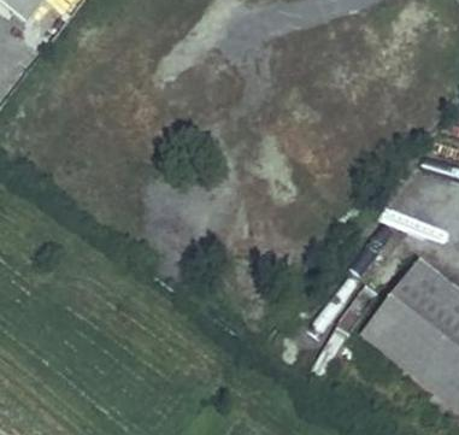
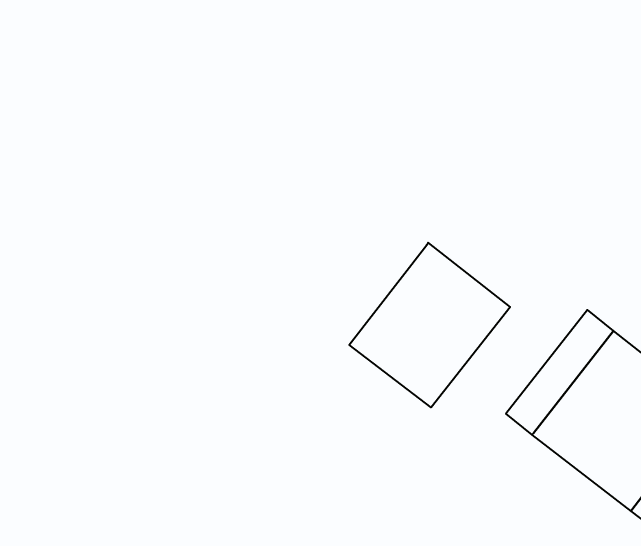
building: none -> [349,243,510,407]

